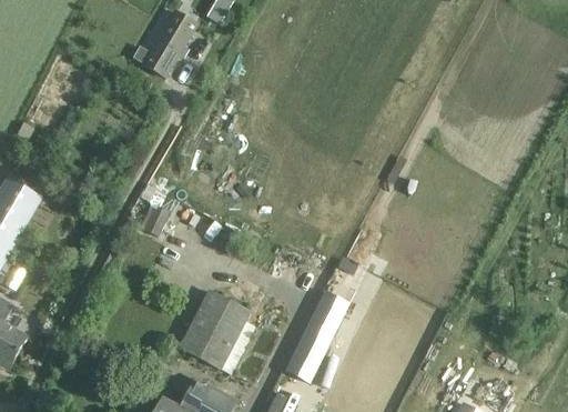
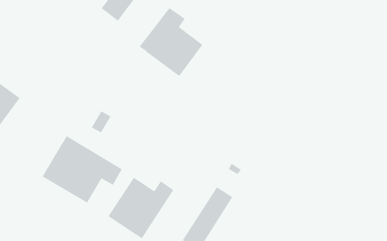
building: none -> [139,7,203,77]
building: none -> [42,135,122,203]

